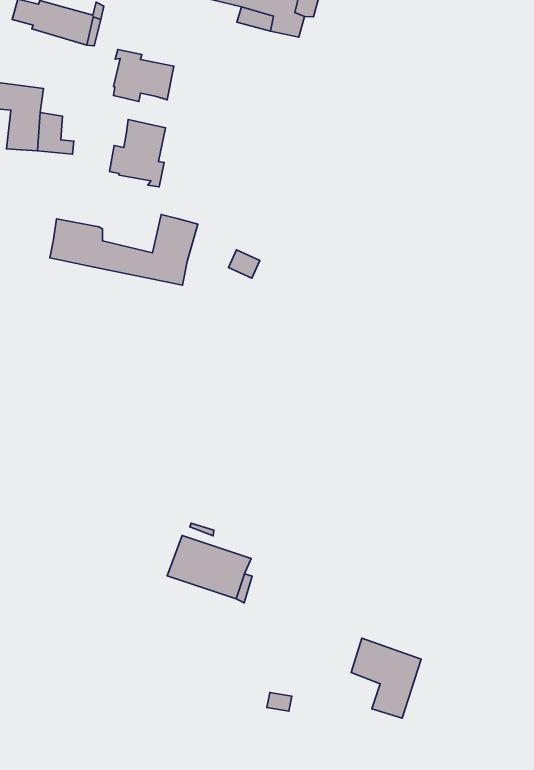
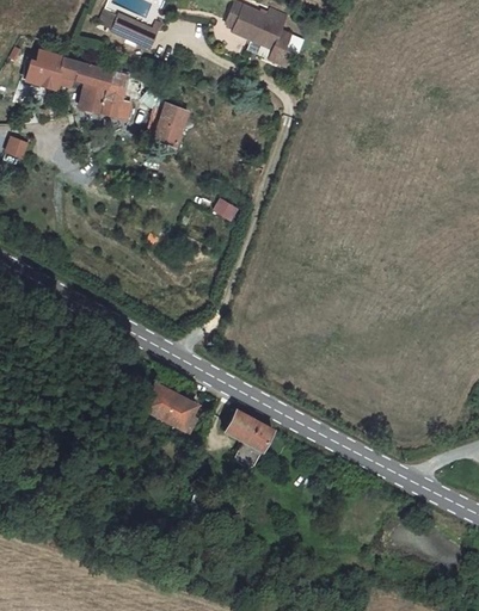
building: [113,50,174,101] -> none
building: [50,215,198,285] -> none
building: [351,638,421,718] -> [225,408,272,465]

